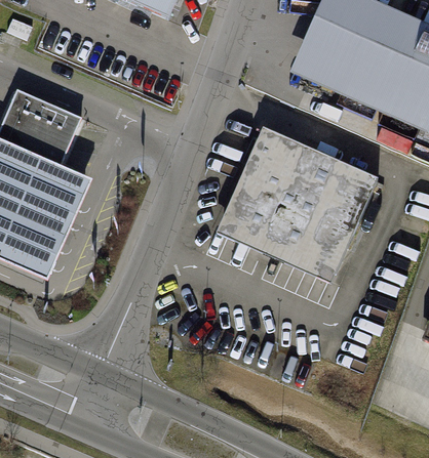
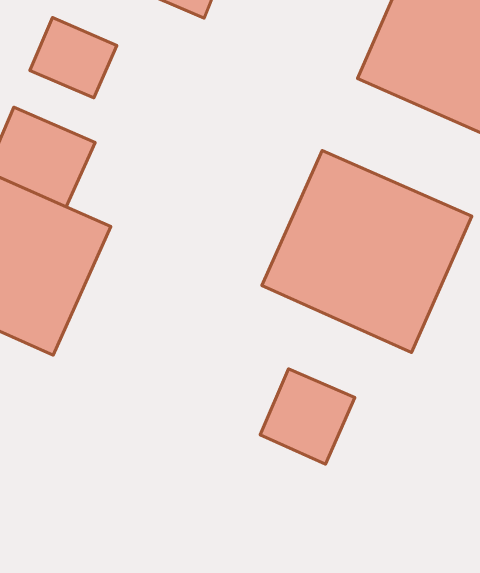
building: none -> [30,17,117,98]
building: none -> [260,369,355,464]

